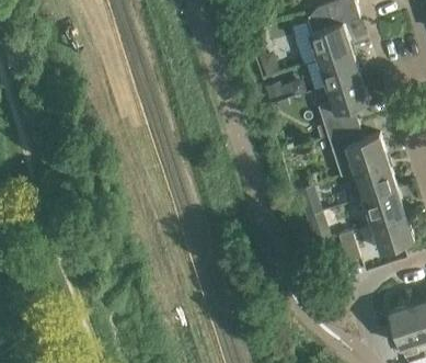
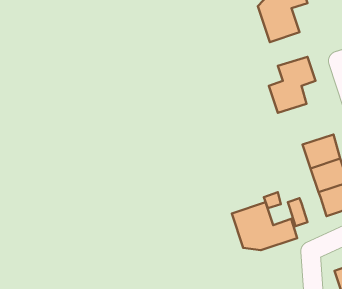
building: [319,50,360,88] -> none
building: [327,129,389,178] -> none
building: none -> [232,202,297,250]

